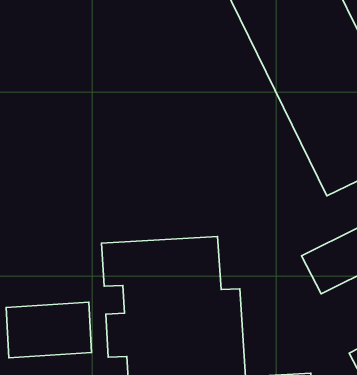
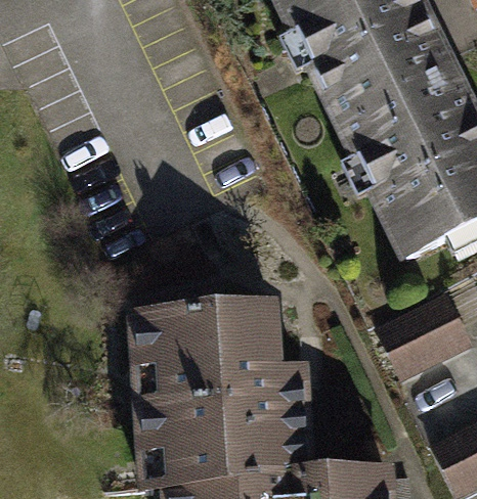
building: [6,302,92,358] -> none

